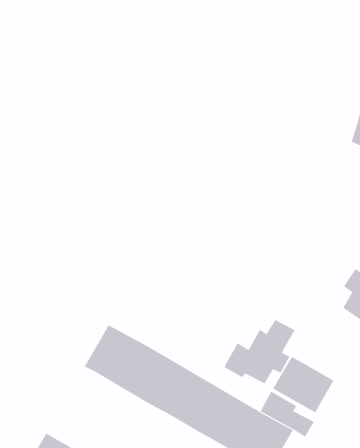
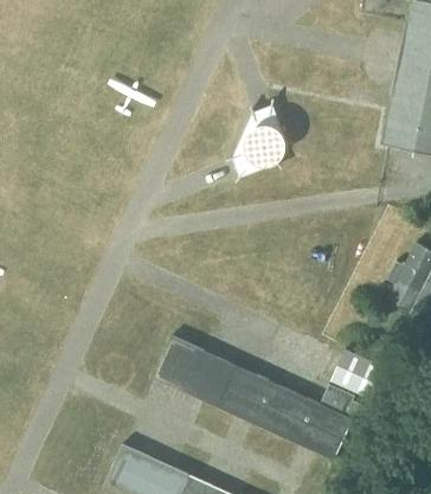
building: none -> [233,107,287,178]
building: [223,319,295,384] -> none

